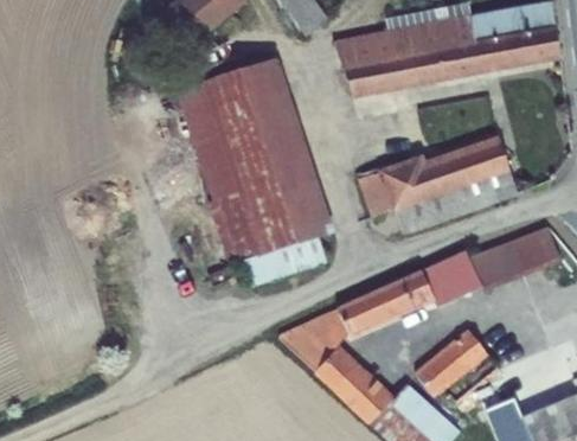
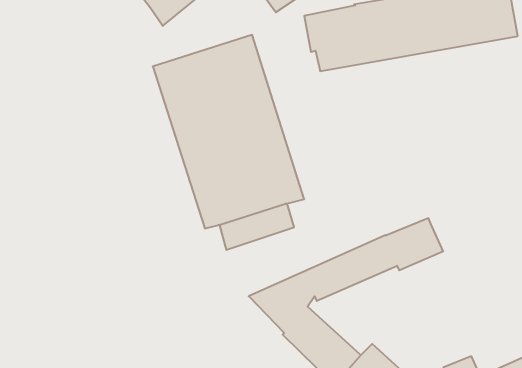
building: [359,134,518,234] -> none
building: [469,225,558,289] -> none
building: [413,326,501,402] -> none

